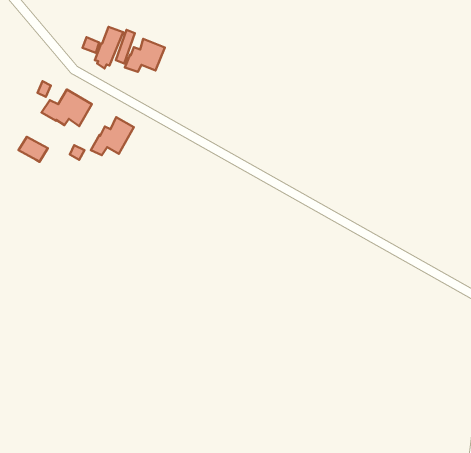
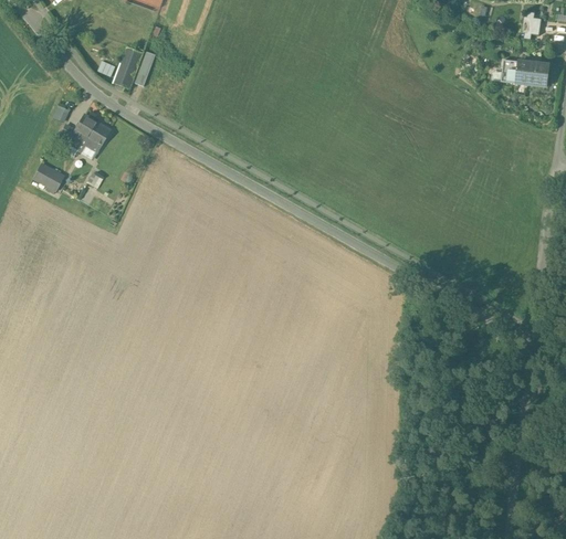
building: [125,39,165,72] -> none
building: [91,117,134,155] -> none

